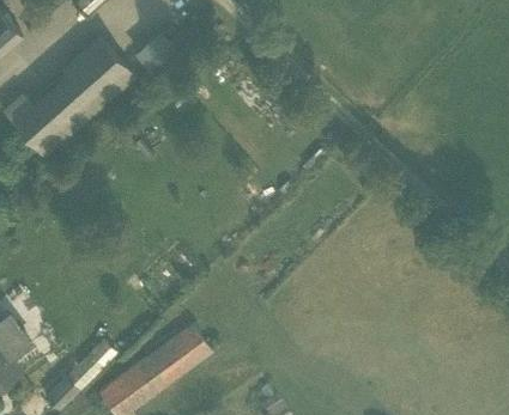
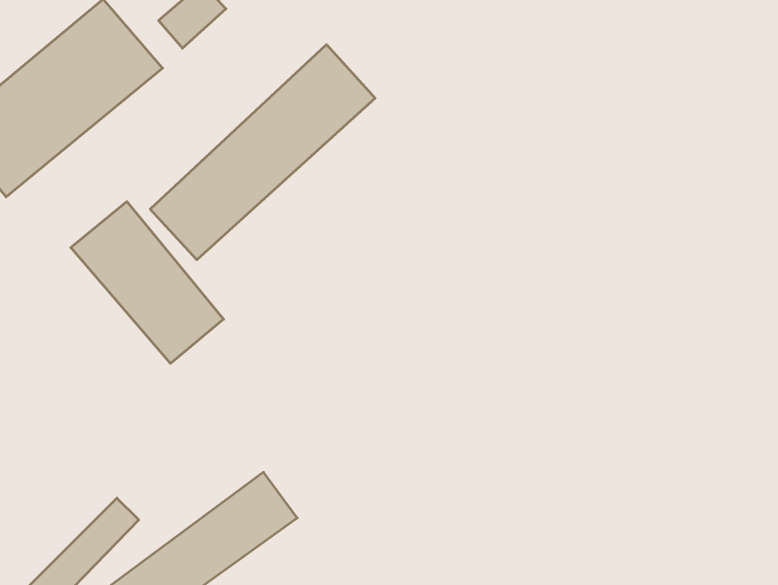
building: none -> [150,45,375,260]
building: none -> [71,202,224,363]

